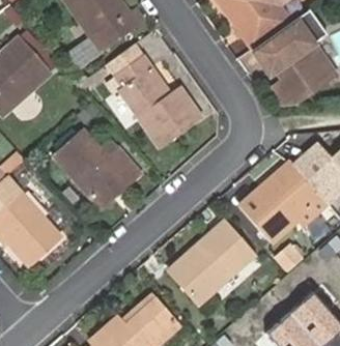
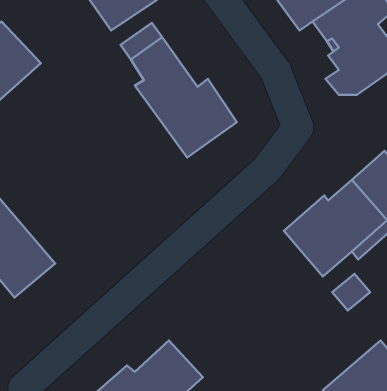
building: [48,128,136,207] -> none
building: [164,223,246,299] -> none

